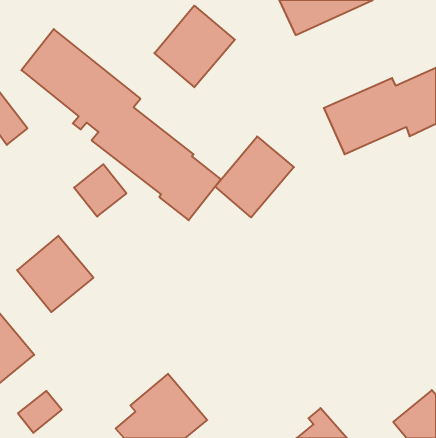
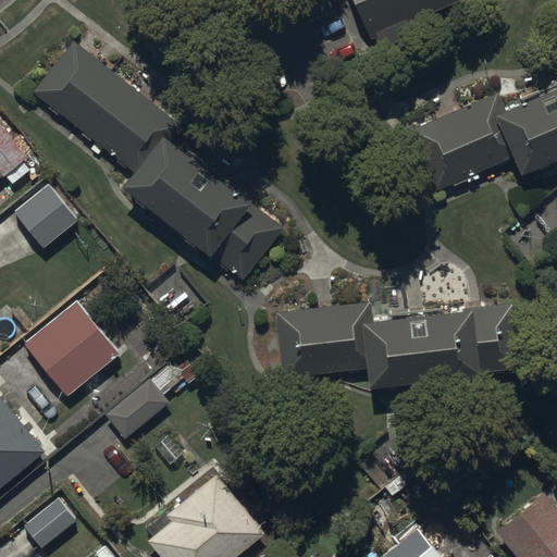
building: [154,6,235,87] -> none
building: [215,136,294,217] -> none
building: [74,164,126,217] -> [15,181,82,247]
building: none -> [276,306,521,385]
building: none -> [107,367,184,440]

